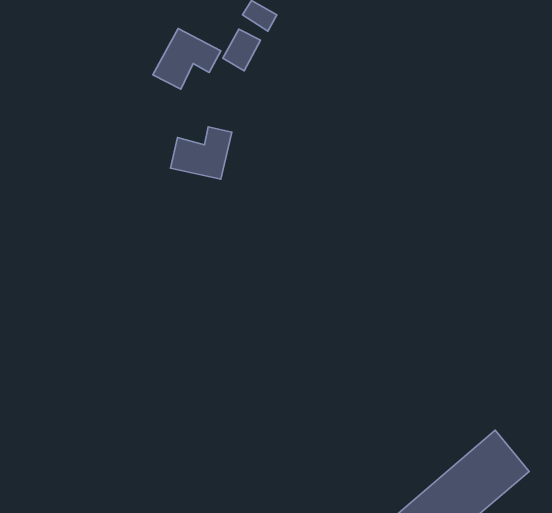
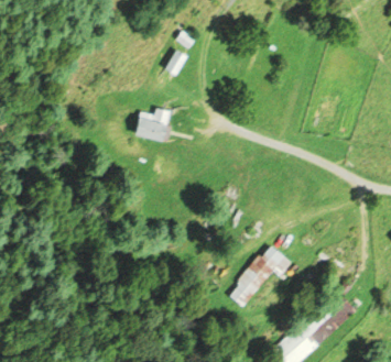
building: [153,28,221,89] -> none
building: none -> [231,245,292,307]

